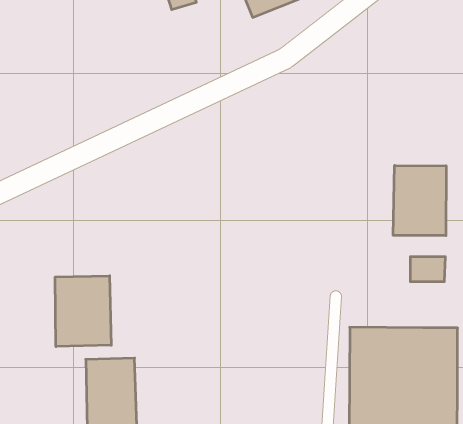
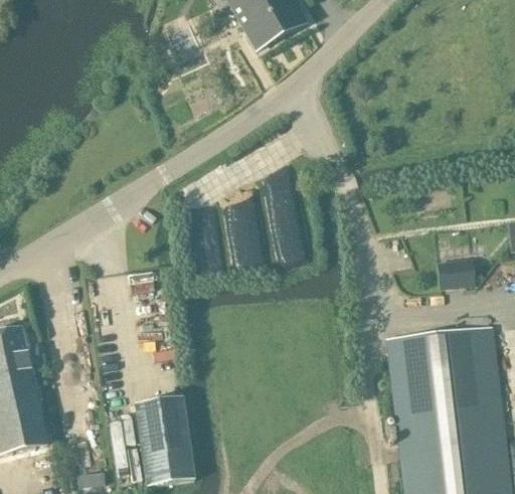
building: [393,165,446,236] -> none
building: [55,276,111,347] -> none

